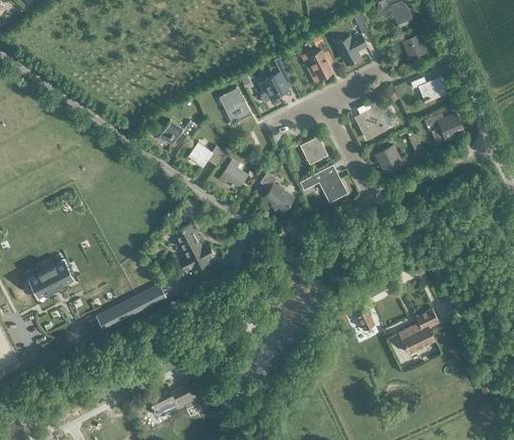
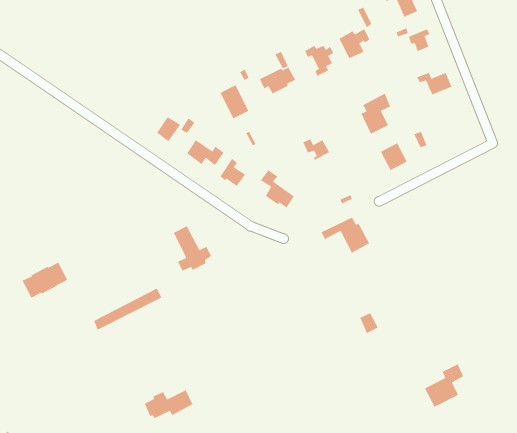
building: [429,113,464,144] -> none
building: [299,167,347,203] -> [320,216,370,254]
building: [399,309,438,353] -> [424,363,464,408]

